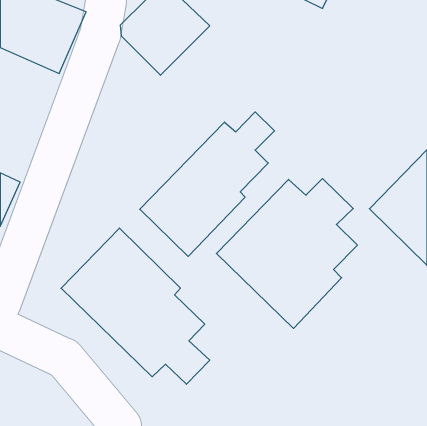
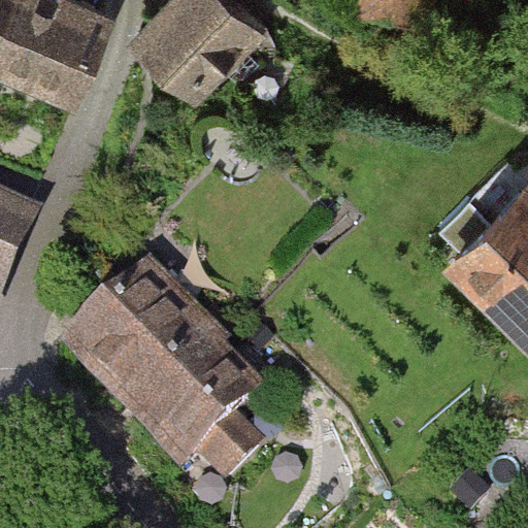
building: [140,112,275,256] -> none
building: [216,179,357,328] -> none

